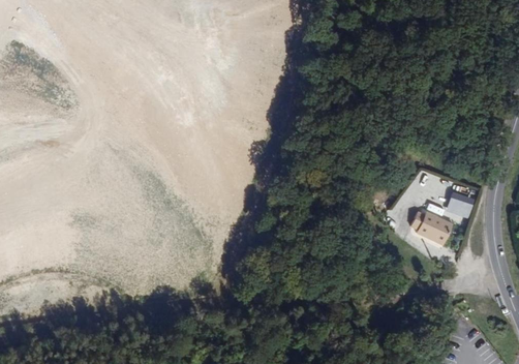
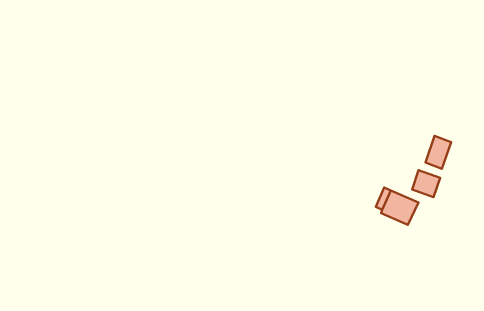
building: none -> [425,136,451,169]

